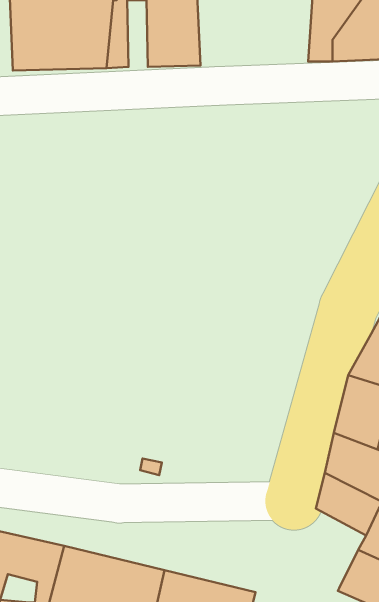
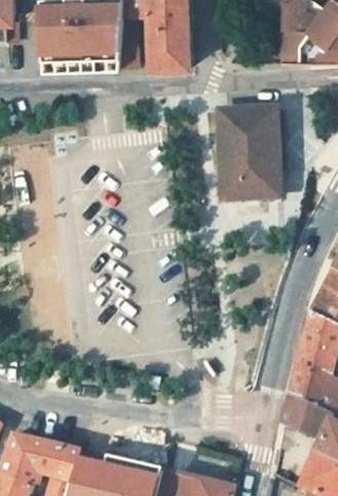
building: none -> [216,107,274,200]

